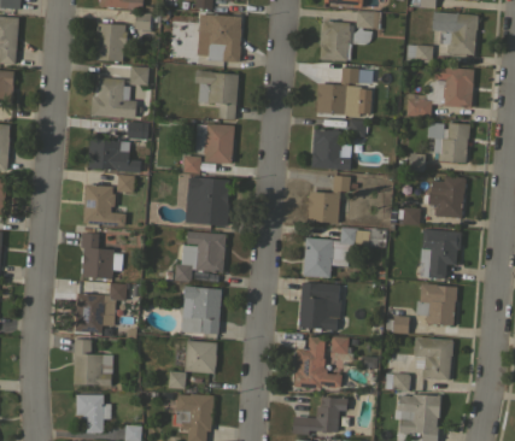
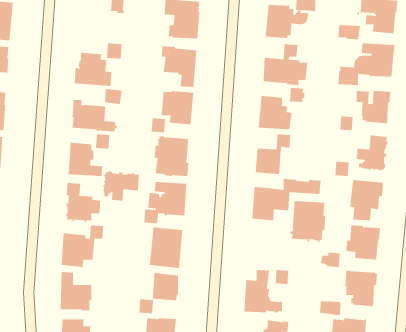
building: [96,23,130,63] -> none
building: none -> [103,171,139,201]
building: [298,282,341,333] -> [290,200,326,243]

